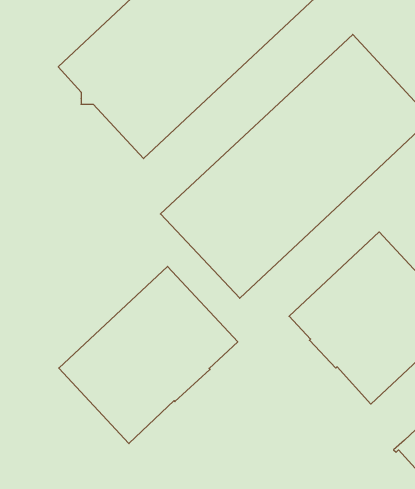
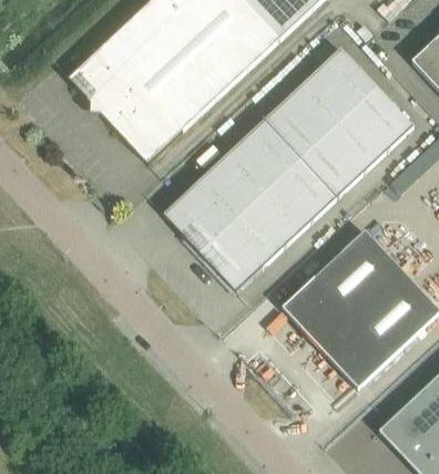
building: [59,266,238,444] -> none

